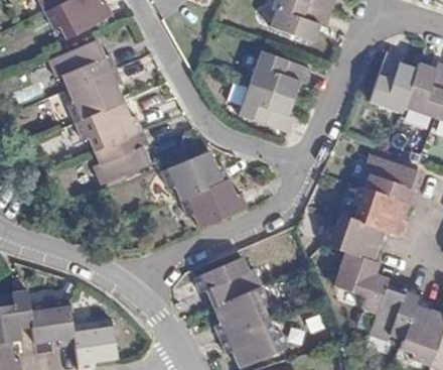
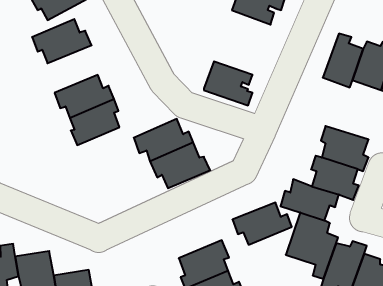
building: [251,52,311,100] -> none
building: [64,67,121,120] -> none
building: [193,258,260,305] -> [232,203,292,245]

